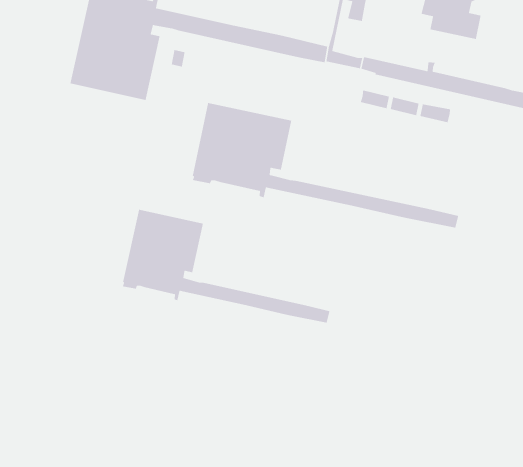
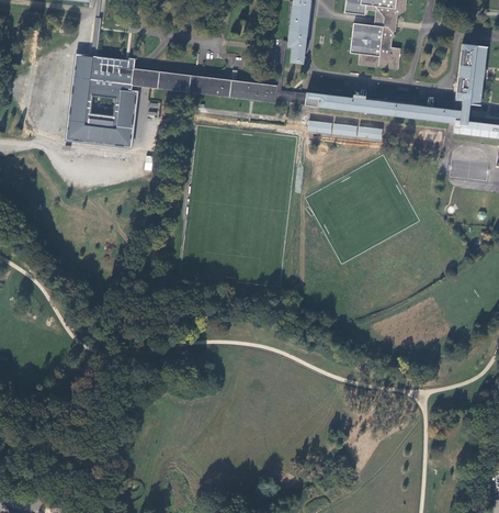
building: [192,102,459,228] -> none
building: [122,209,331,324] -> none

